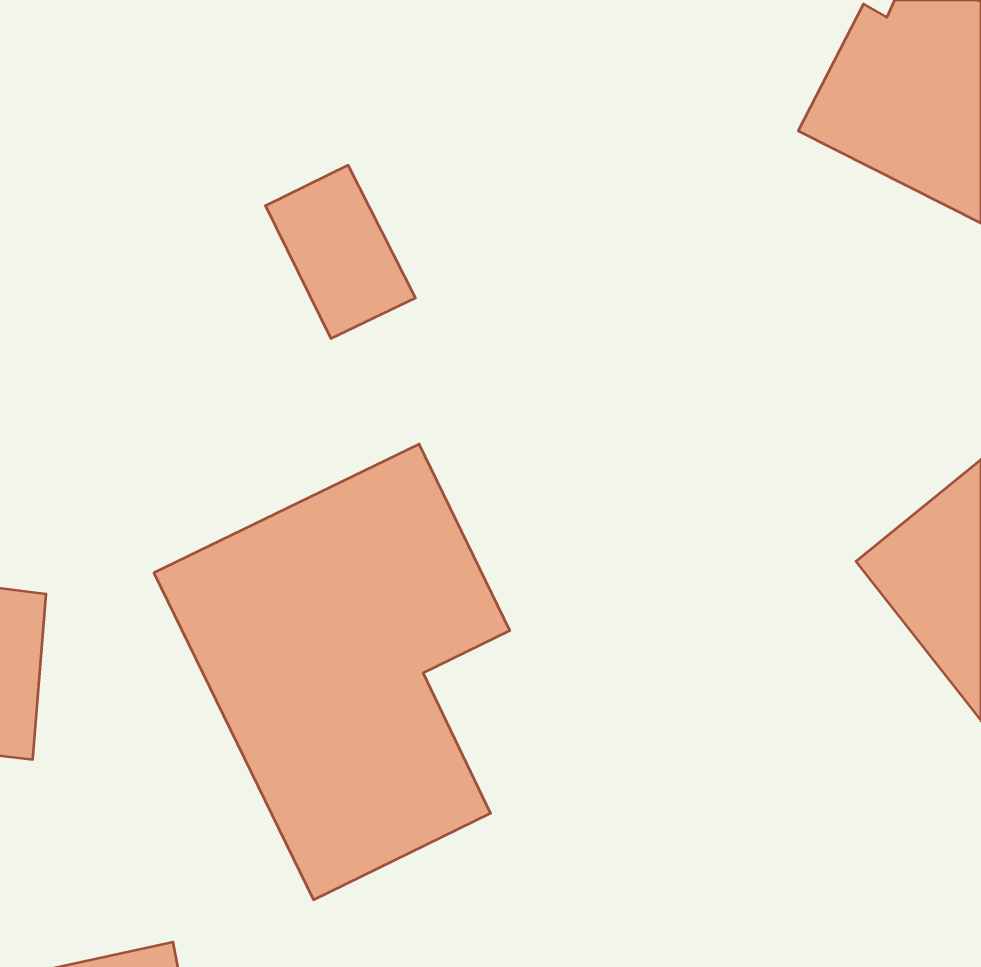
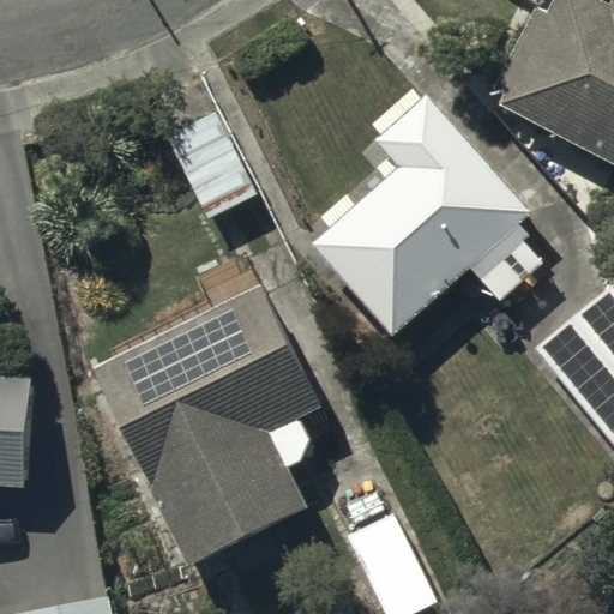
building: none -> [318,96,529,327]

